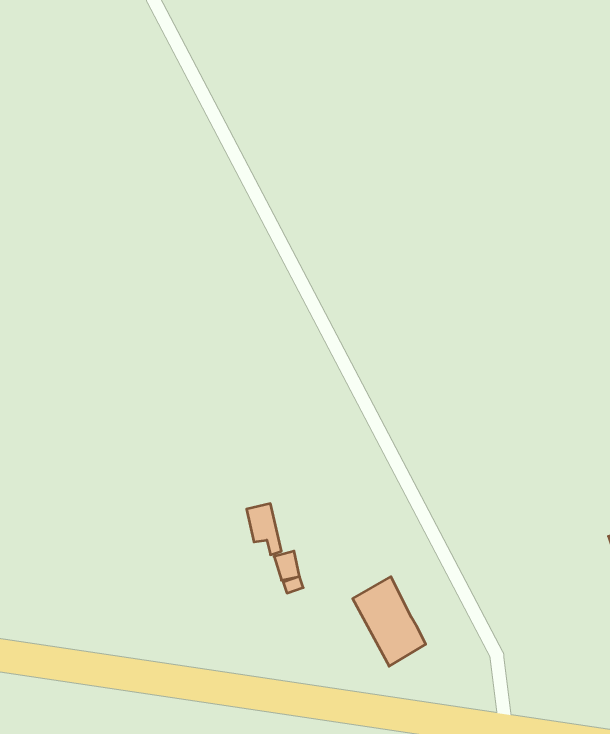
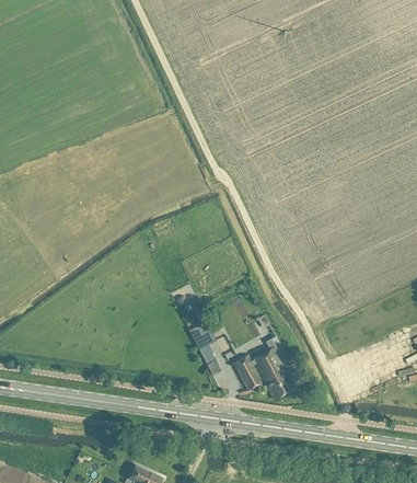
building: none -> [232,356,262,391]

